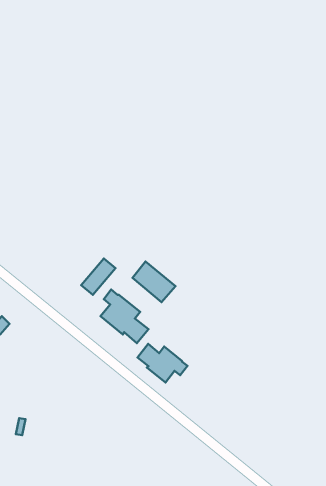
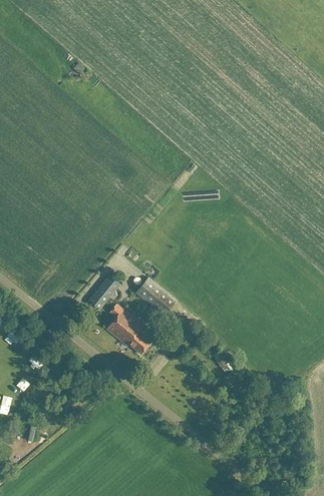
building: [138,344,188,382] -> none

